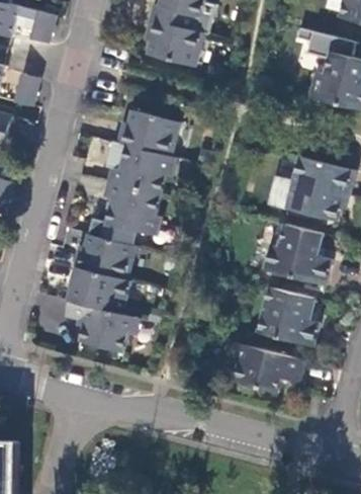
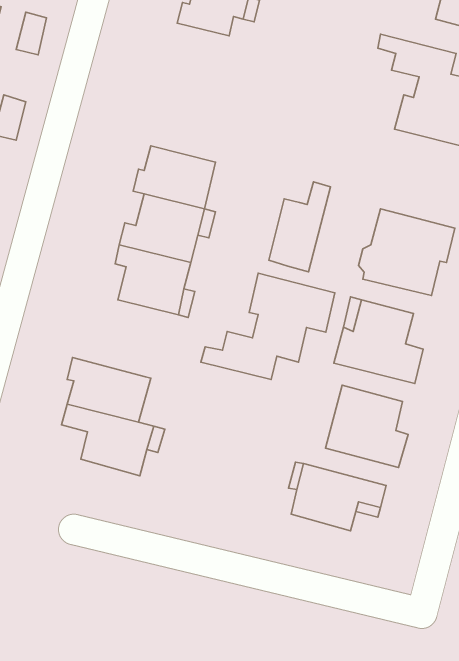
building: [146,19,202,65] -> none
building: none -> [269,182,331,272]
building: none -> [201,273,335,380]
building: [73,234,134,279] -> none

